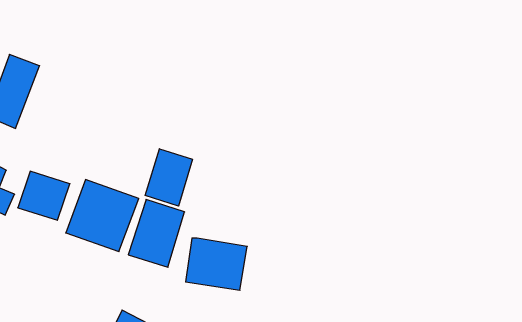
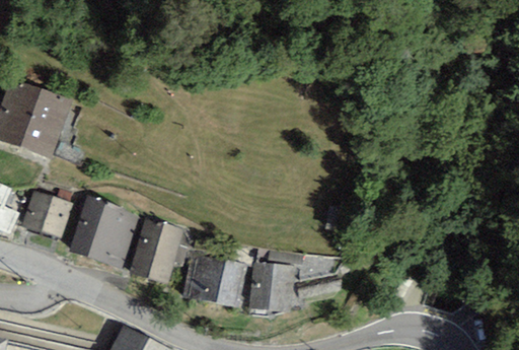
building: none -> [19,87,73,159]
building: [145,149,193,206] -> none
building: none -> [249,260,295,311]

